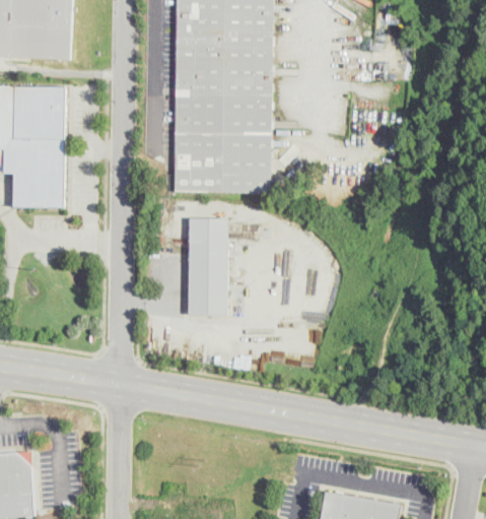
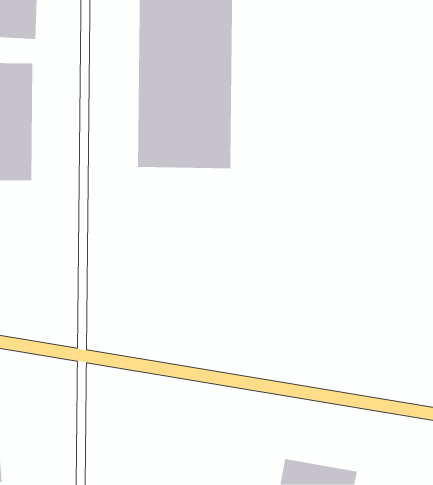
building: [187,218,228,315] -> none

